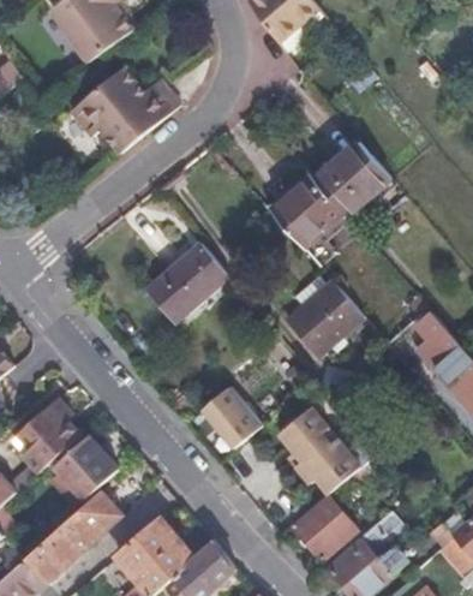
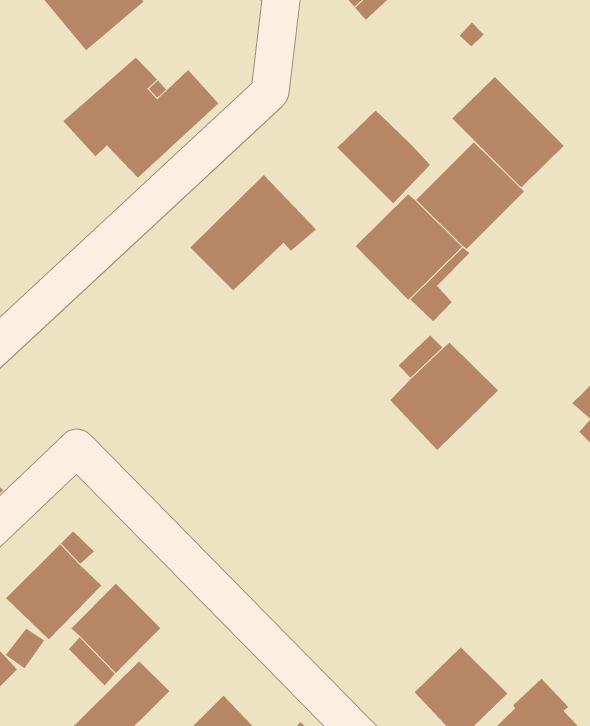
building: none -> [452,76,564,188]
building: none -> [336,110,431,204]
building: [145,242,235,322] -> [189,174,317,291]
building: [199,386,262,449] -> none
building: [282,405,360,494] -> none

